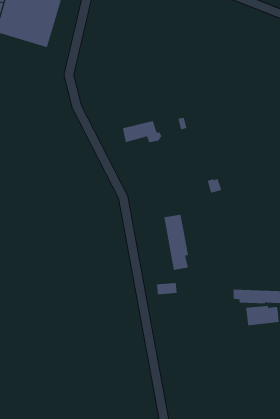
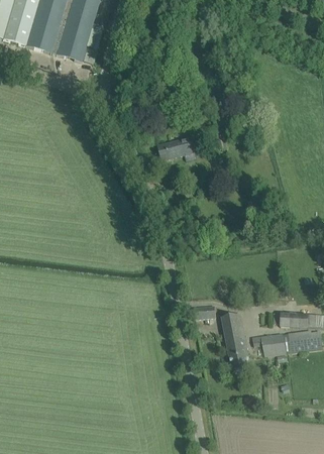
building: [164,214,189,271] -> [222,314,248,372]
building: none -> [252,333,286,354]

